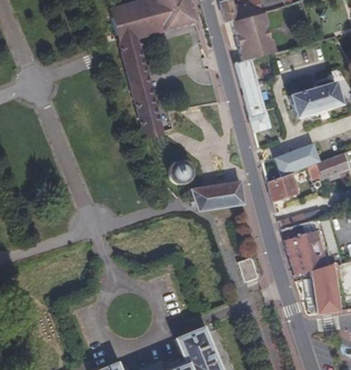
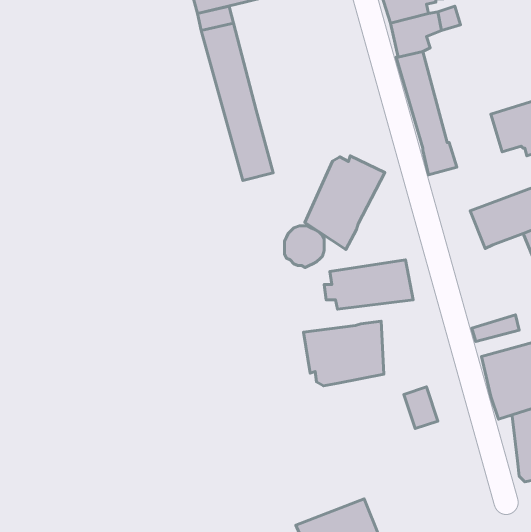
building: none -> [305,156,385,250]
building: [269,171,299,200] -> none
building: none -> [304,321,384,386]

